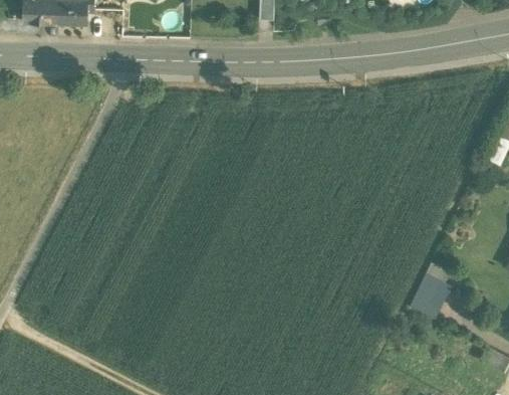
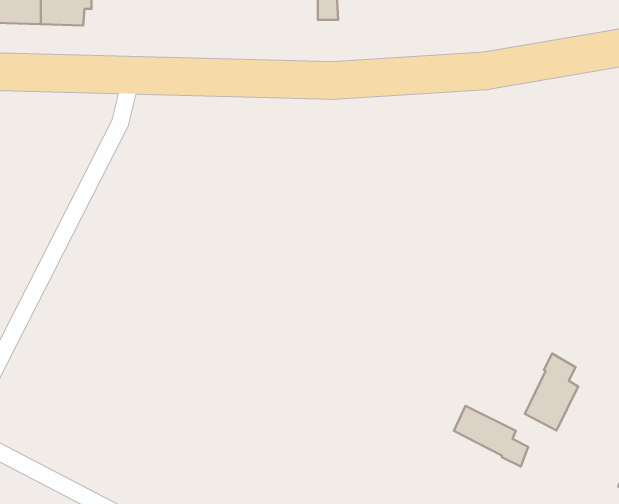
building: none -> [454,406,528,466]

